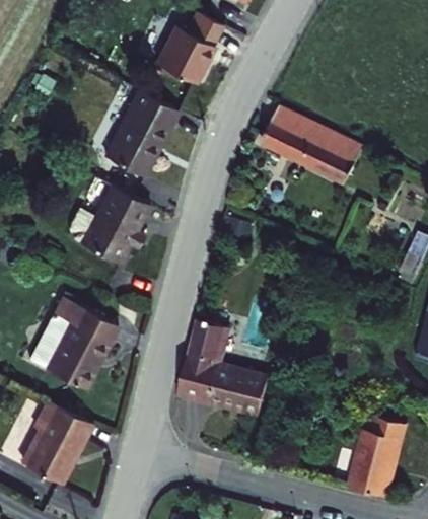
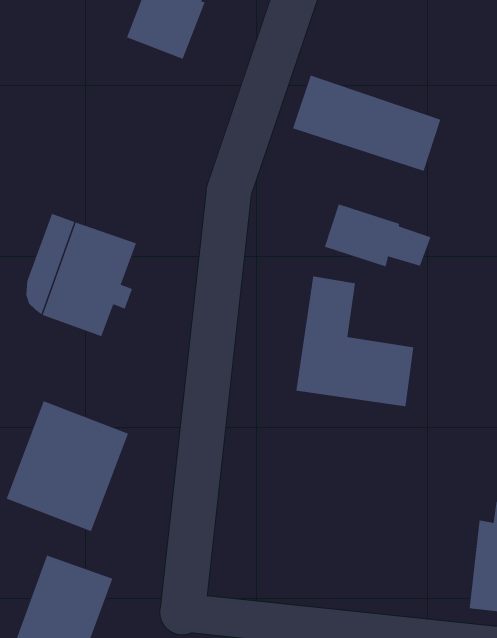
building: [102,91,177,177] -> none
building: none -> [324,203,431,267]
building: [179,316,263,414] -> [296,276,414,407]

